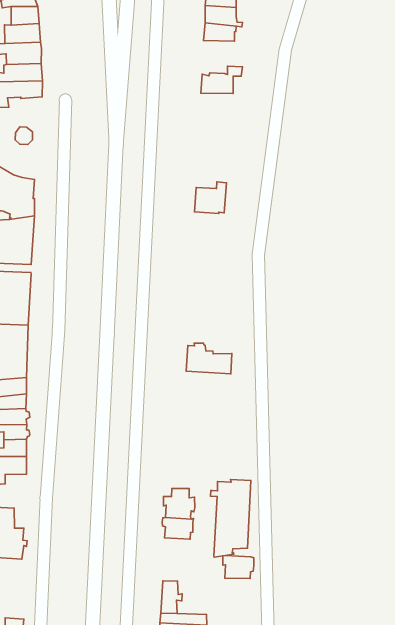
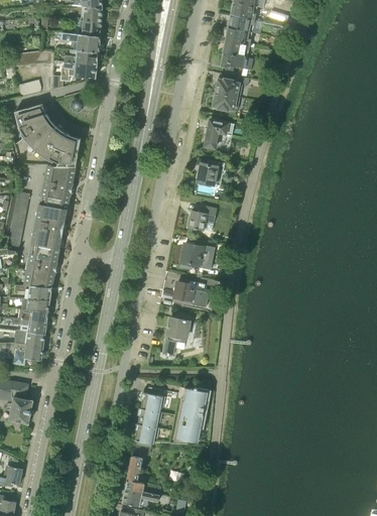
building: none -> [221,53,252,76]
building: none -> [213,93,240,118]
building: none -> [204,119,233,149]
building: none -> [187,206,217,232]
building: none -> [179,243,204,269]
building: none -> [162,313,191,355]
building: [223,555,254,578] -> [134,423,158,443]

